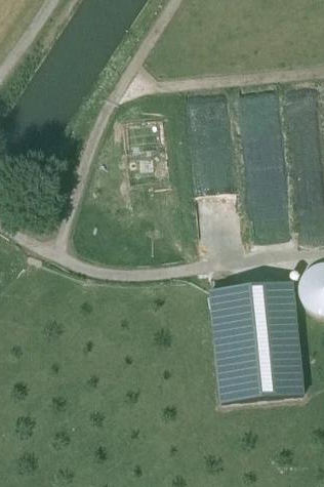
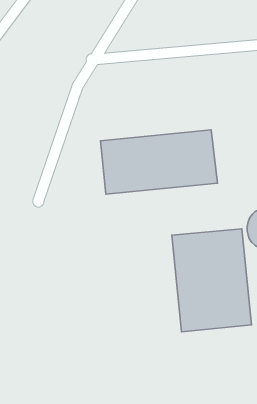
building: none -> [101,130,217,194]

